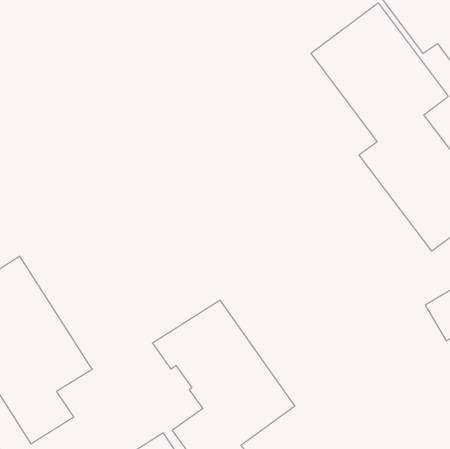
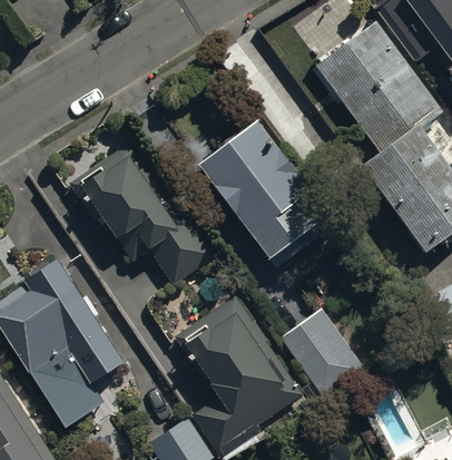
building: none -> [195,114,333,264]
building: none -> [68,143,215,284]
building: none -> [287,317,364,398]

